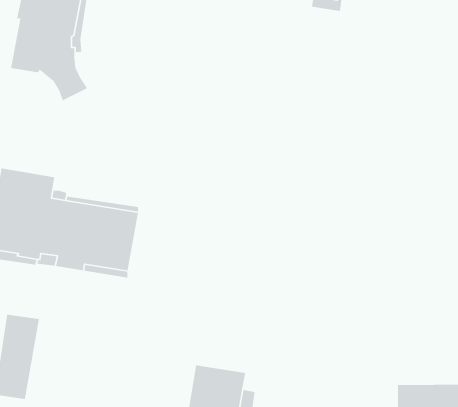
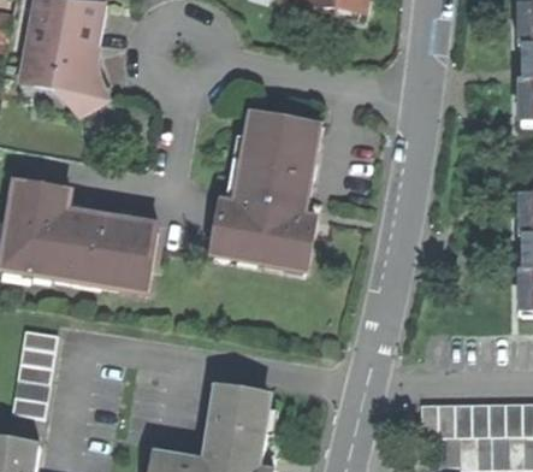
building: none -> [214,117,316,272]

